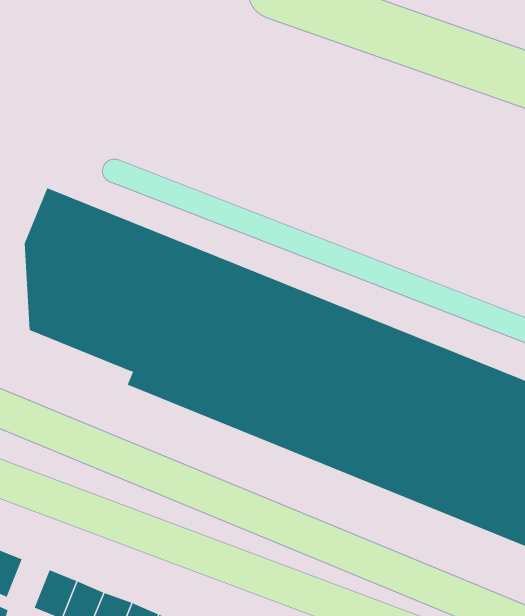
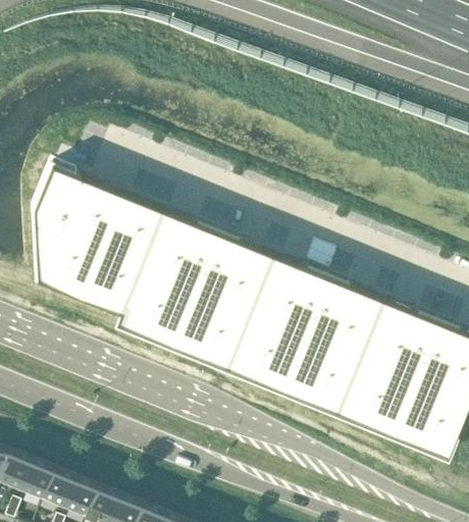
building: none -> [21,465,55,504]

